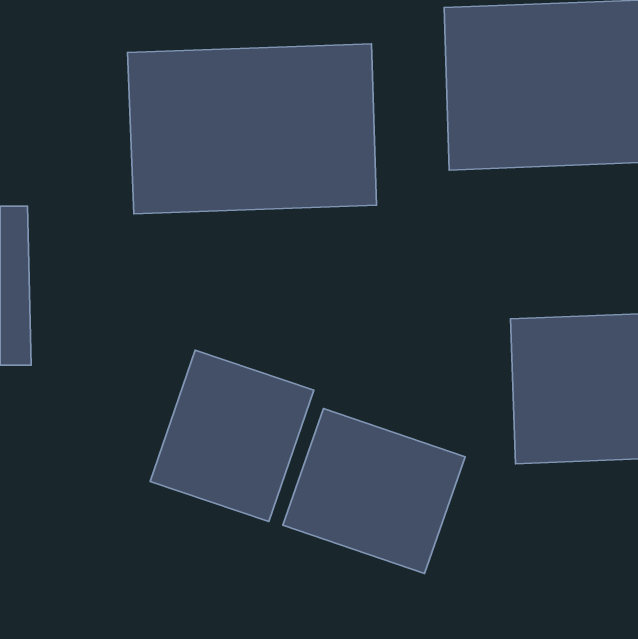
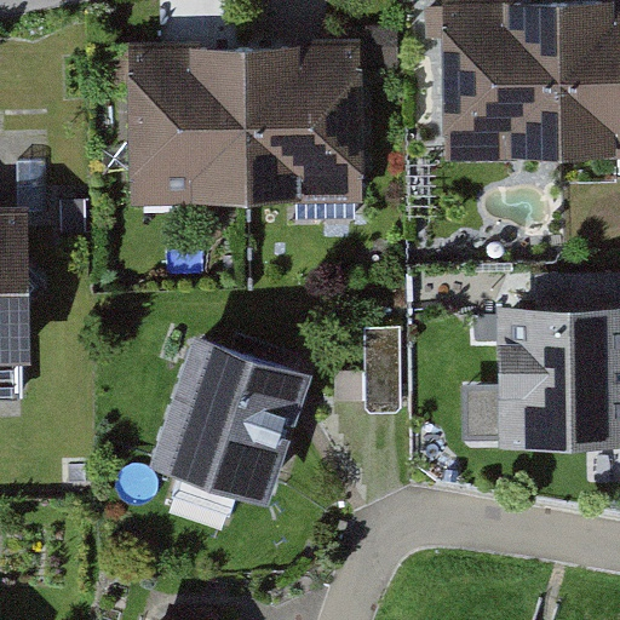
building: [283,408,465,574] -> none

